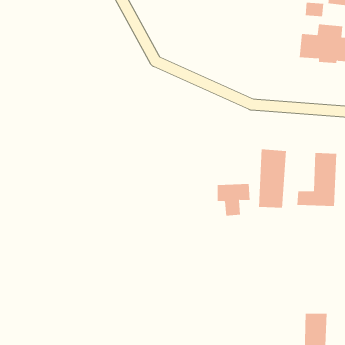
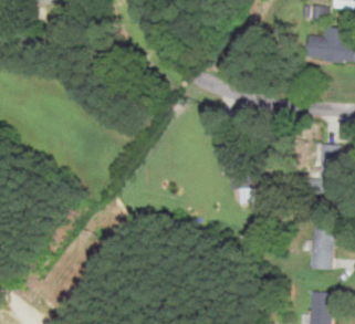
building: [258,148,287,208] -> none
building: none -> [310,226,332,270]

